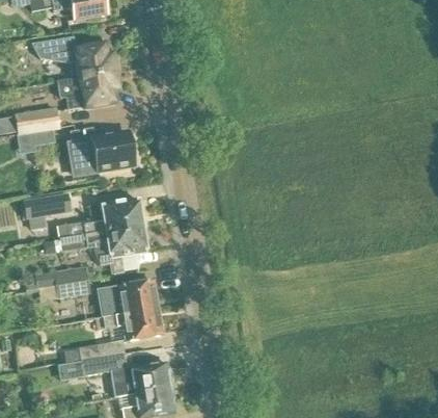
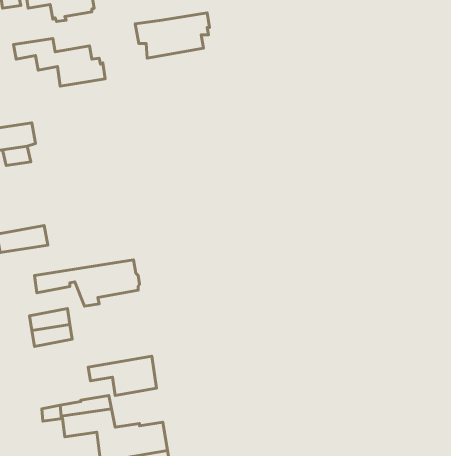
building: [55,71,118,109] -> [135,13,210,58]
building: [67,128,132,172] -> none
building: [54,198,140,238] -> none
building: [97,280,156,316] -> none

